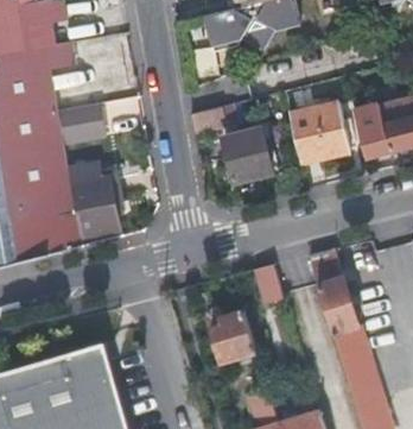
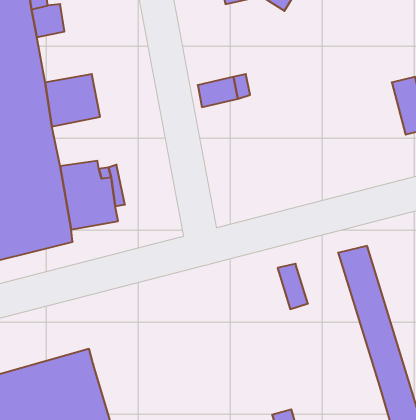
building: [286,103,347,164] -> none
building: [220,128,268,179] -> none
building: [212,314,258,364] -> none

